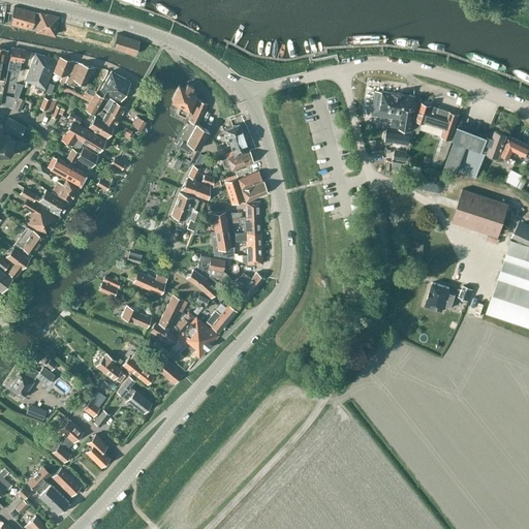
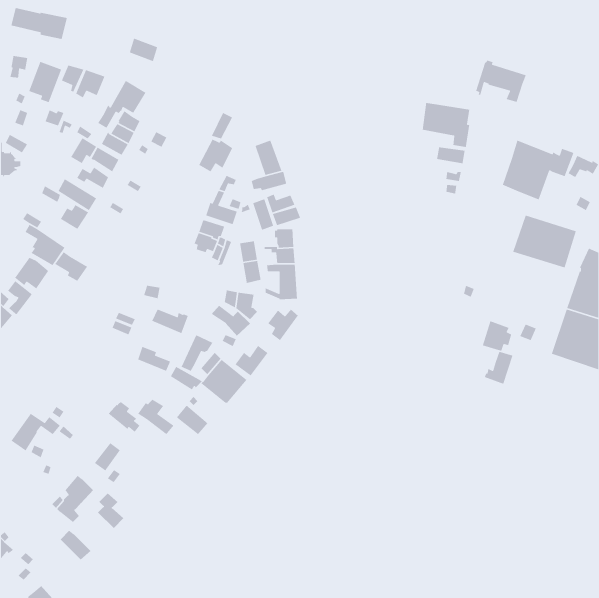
building: [170,84,194,117] -> none
building: [413,102,459,141] -> [475,60,527,103]
building: [38,190,68,217] -> [54,251,88,282]
building: none -> [484,351,513,385]
building: [117,377,151,413] -> none
building: [27,467,69,515] -> none

